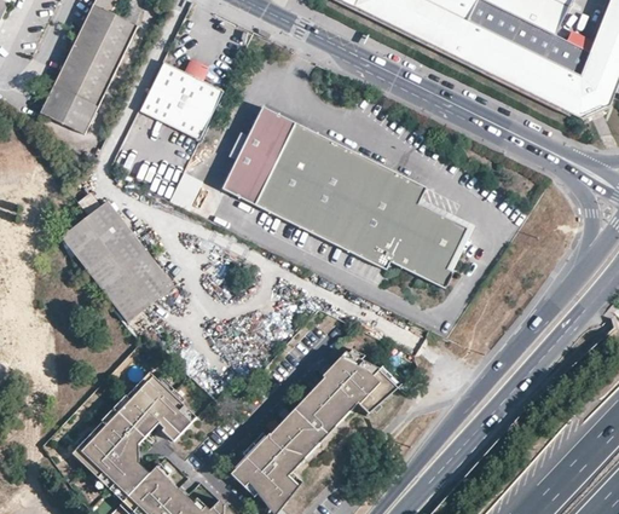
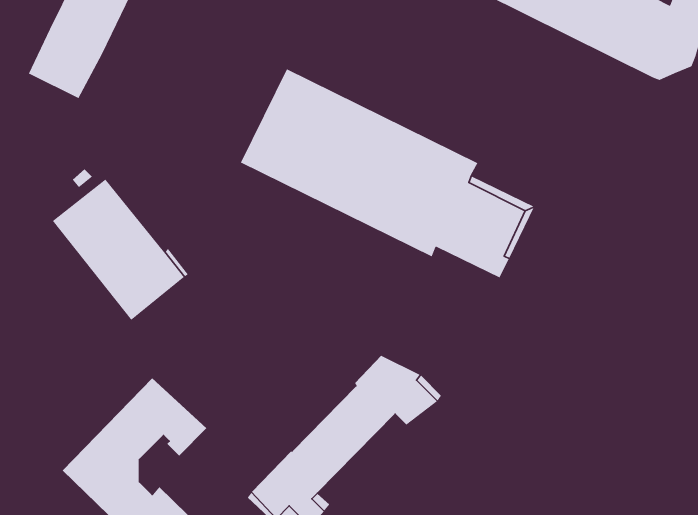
building: [139,62,224,140] -> none

